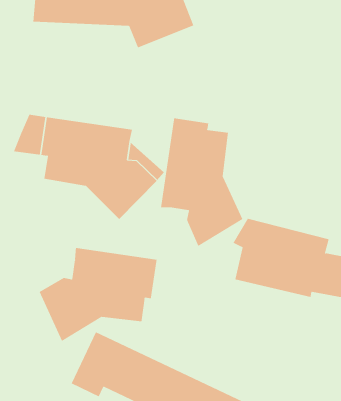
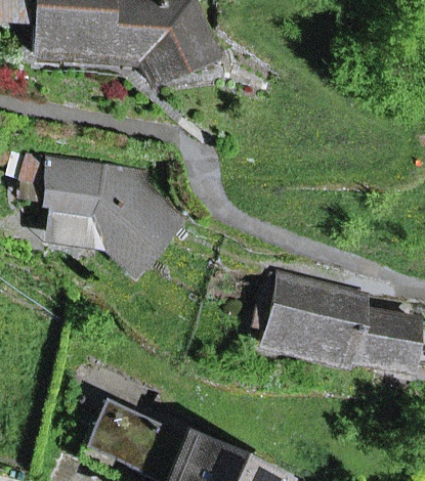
building: [161,118,243,247] -> none
building: [39,247,157,342] -> none

